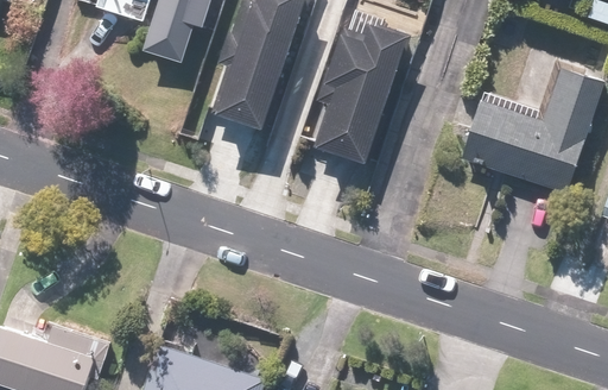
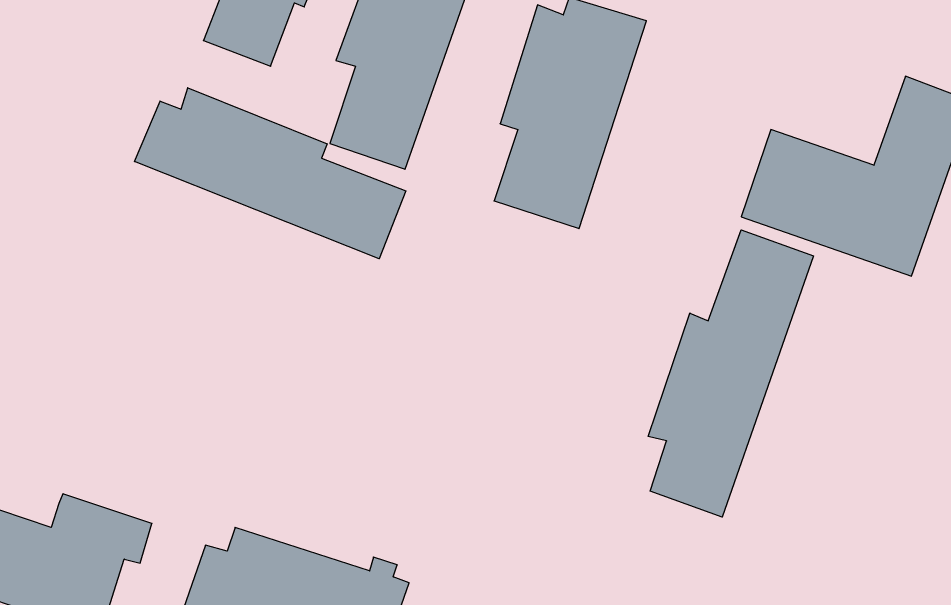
building: none -> [135,88,406,259]
building: none -> [648,230,813,517]

